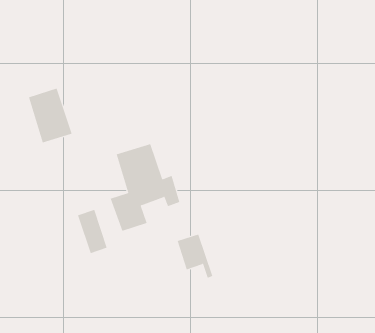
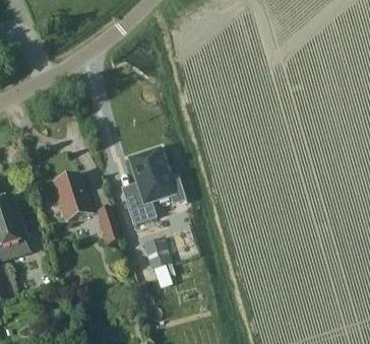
building: [28,88,73,143] -> [53,173,91,220]
building: [177,234,213,279] -> [142,236,174,275]

